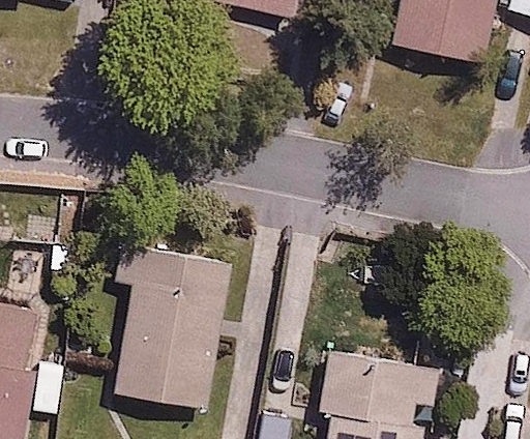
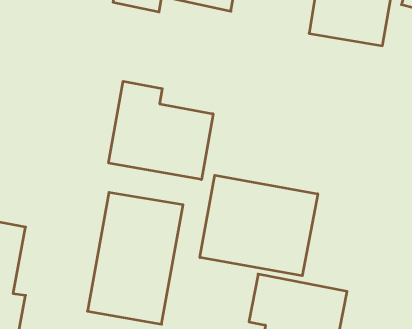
building: none -> [109,81,213,180]
building: none -> [200,175,318,276]

